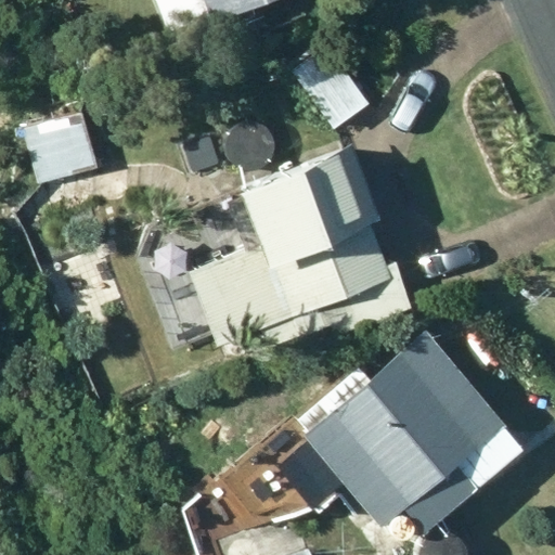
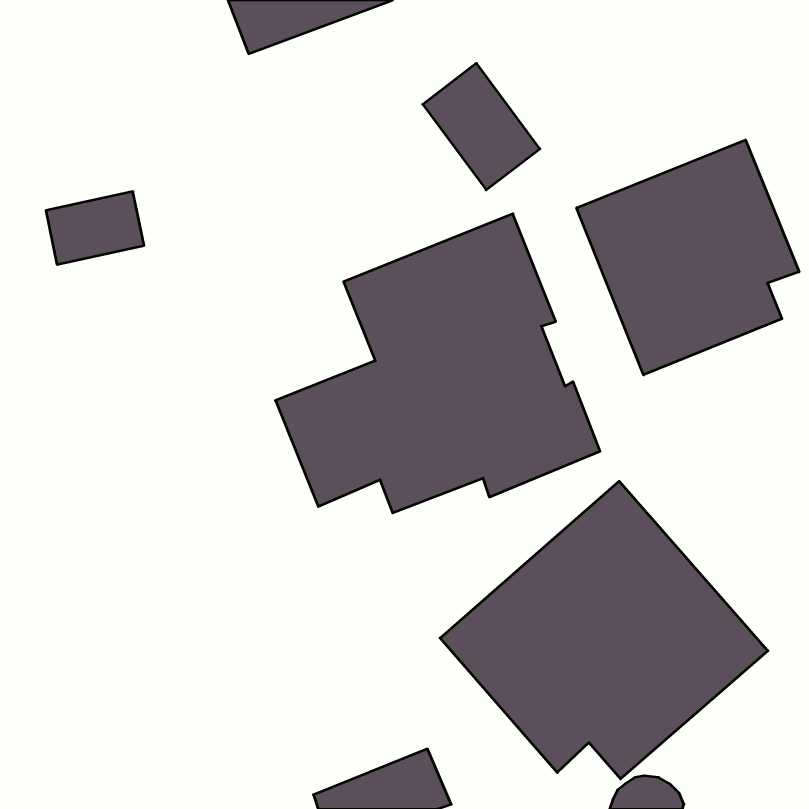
building: none -> [577,140,799,375]

